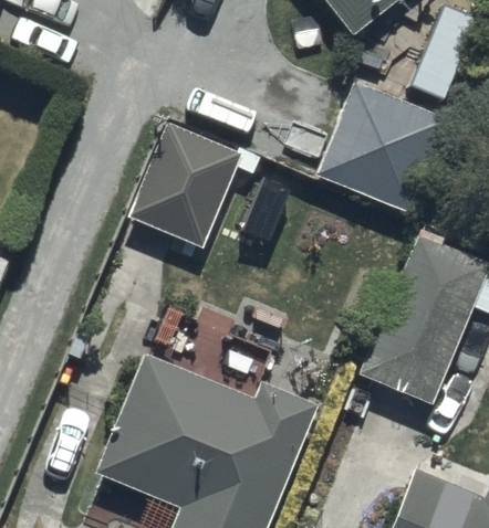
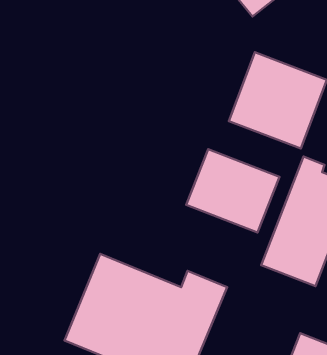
building: [133,125,241,245] -> none
building: none -> [186,149,279,233]

